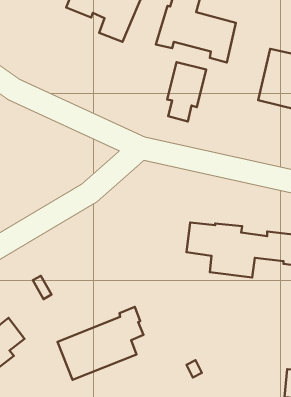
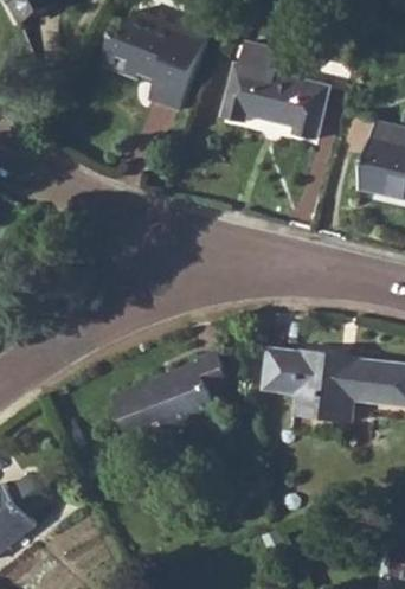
building: [167,62,206,121] -> none
building: [57,307,144,380] -> [112,348,226,444]

